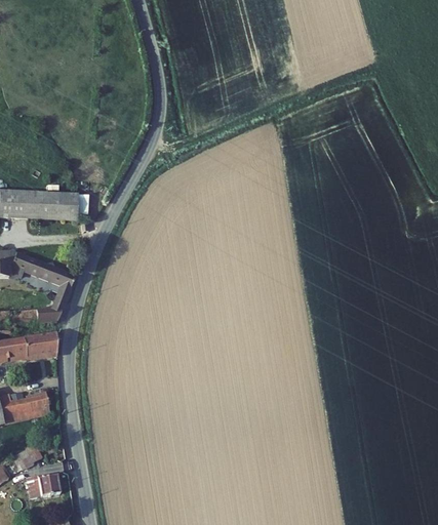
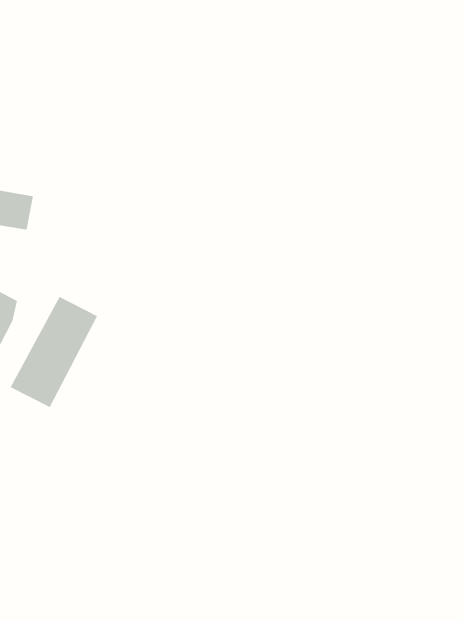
building: none -> [10,296,98,408]

